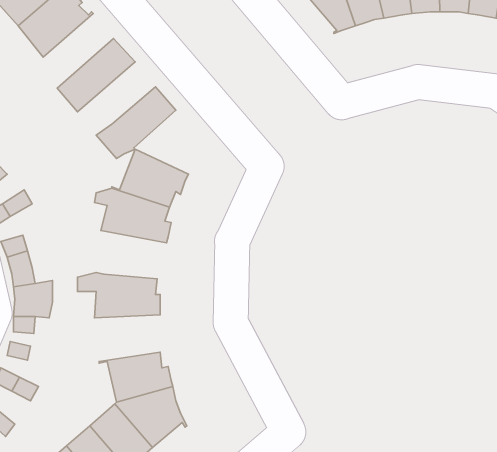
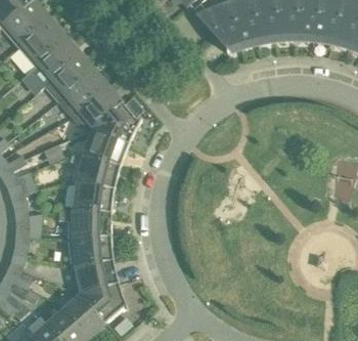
building: none -> [26,37,81,90]
building: none -> [57,69,108,117]
building: none -> [94,100,142,142]
building: none -> [73,179,116,211]
building: none -> [69,235,113,265]

